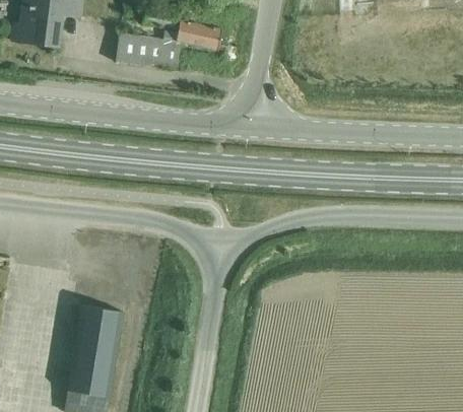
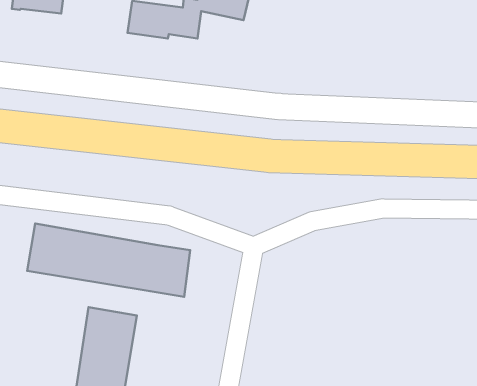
building: none -> [27,224,190,297]

